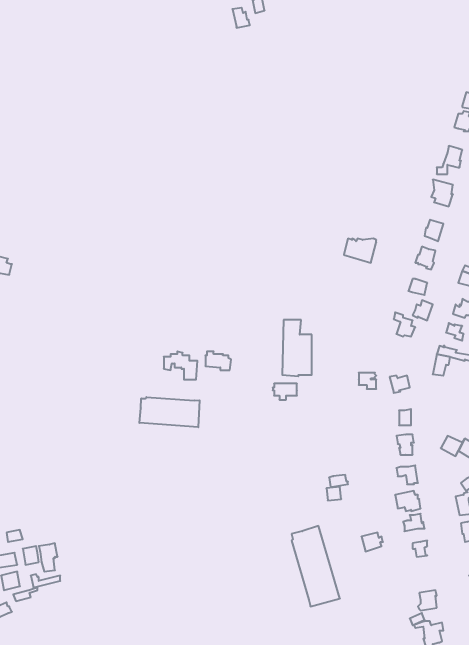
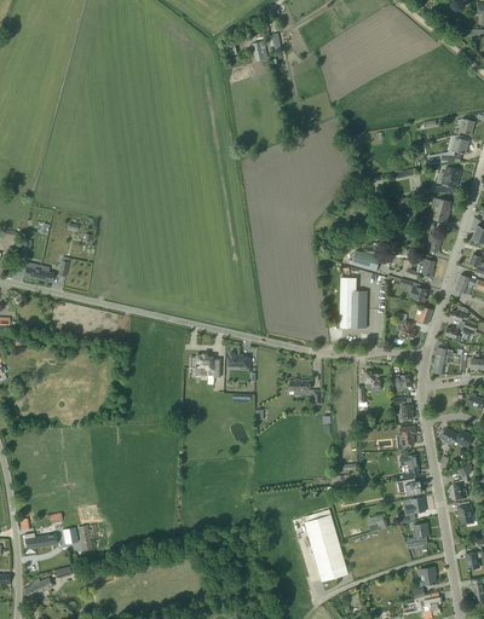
building: [282,320,312,376] -> [340,278,367,329]
building: [139,397,200,427] -> none

